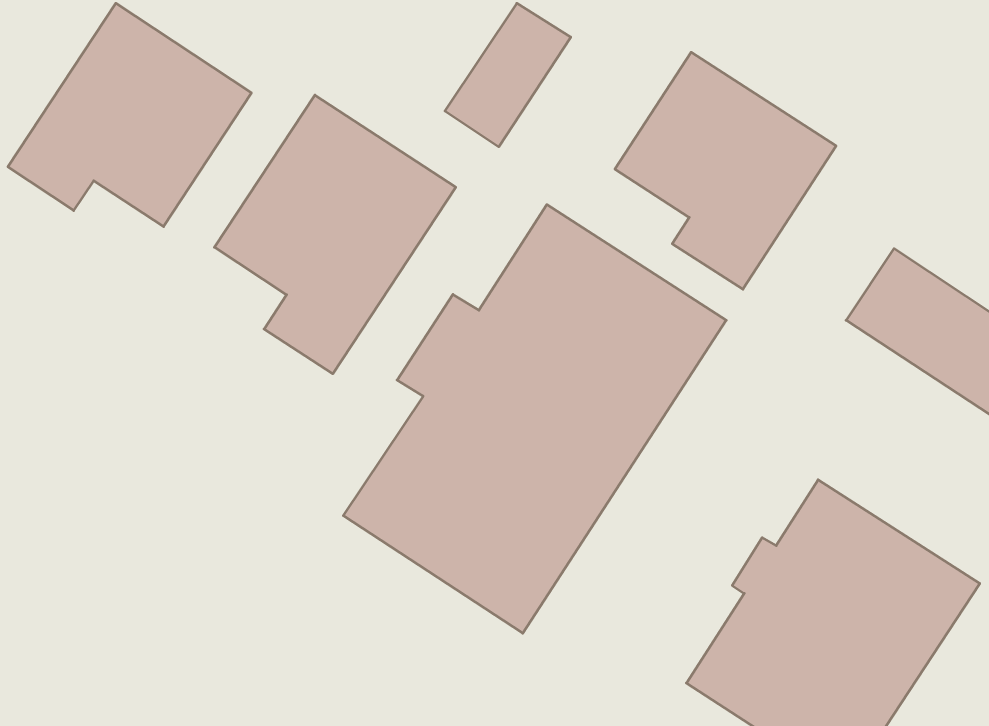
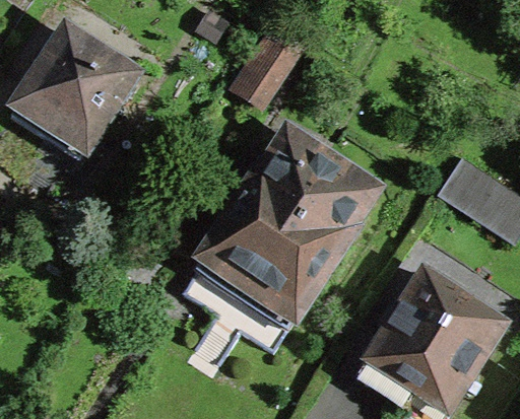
building: [615,52,836,289] -> none
building: [214,95,456,374] -> none

